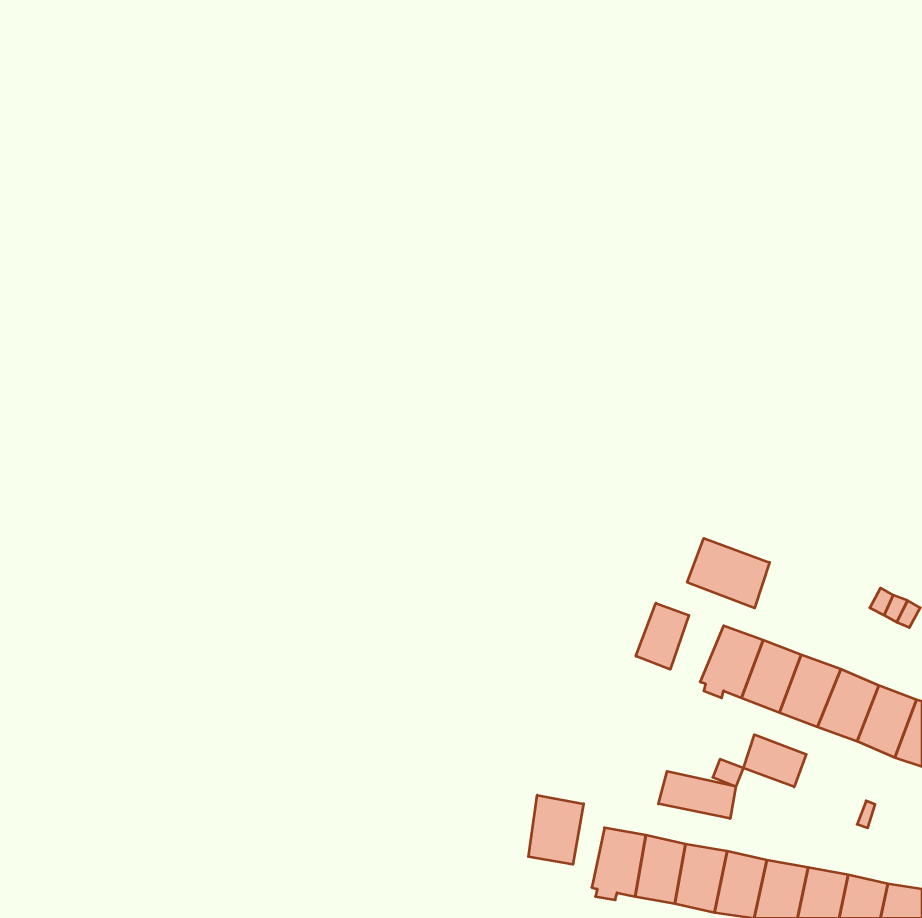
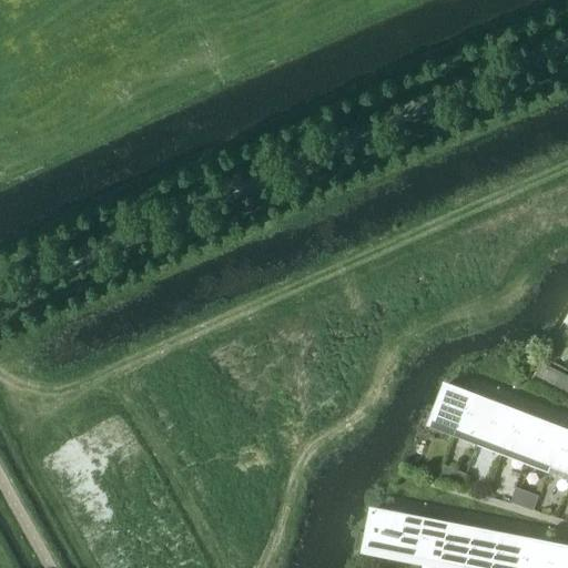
building: [687,538,770,608] -> none
building: [636,603,689,669] -> none
building: [743,735,806,787] -> none
building: [658,771,736,819] -> none
building: [528,795,584,864] -> none

